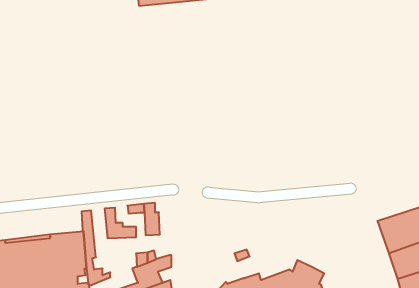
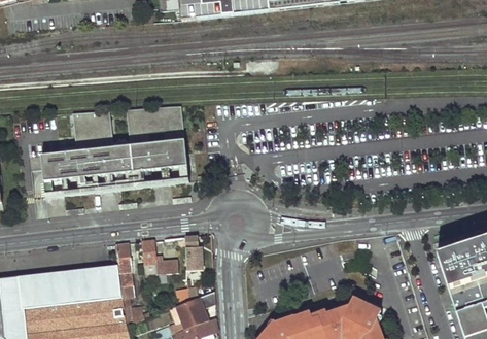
building: none -> [41,104,188,180]

